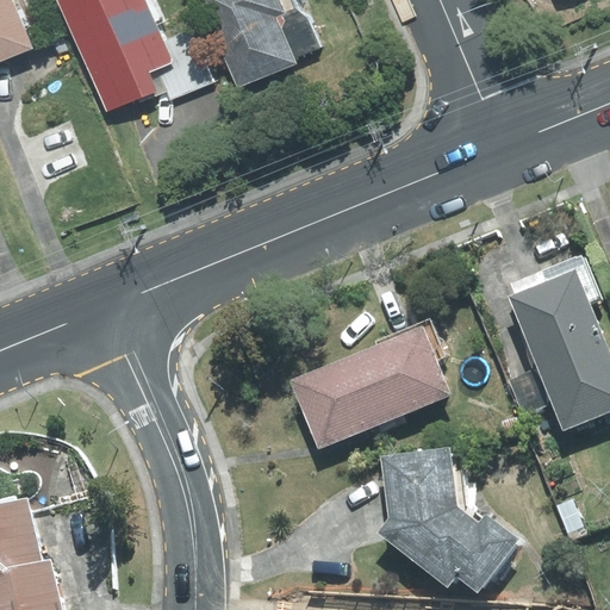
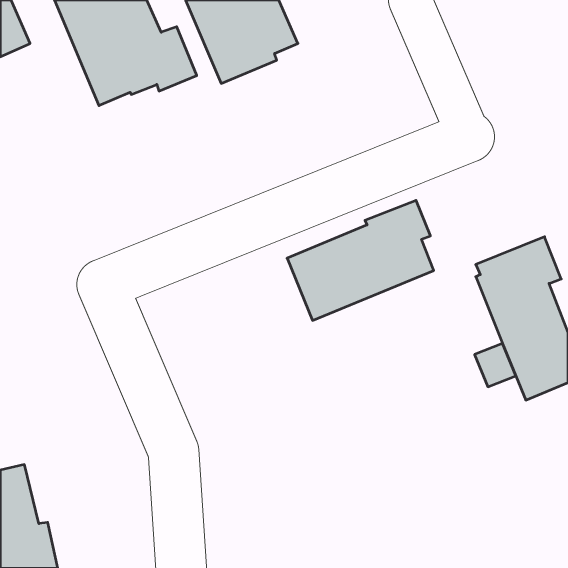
building: [292,319,449,448] -> [287,200,434,320]
building: [380,449,515,590] -> none

